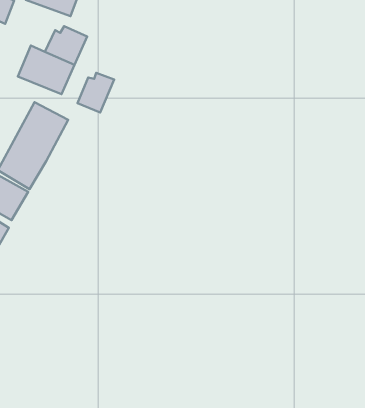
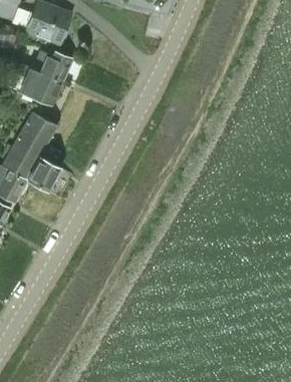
building: [77,73,114,112] -> none
building: none -> [27,157,60,190]

